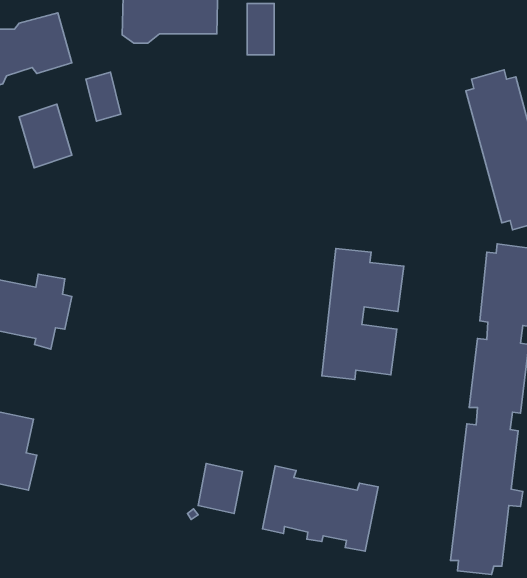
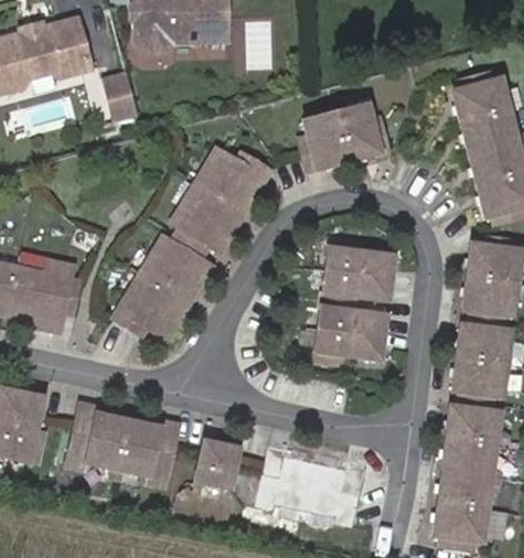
building: [19,104,72,168] -> none
building: none -> [298,104,386,170]
building: none -> [115,148,269,340]
building: none -> [69,406,179,485]

